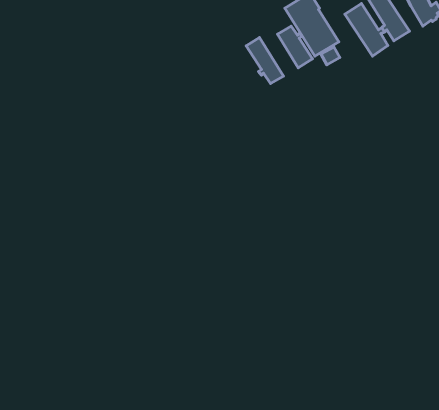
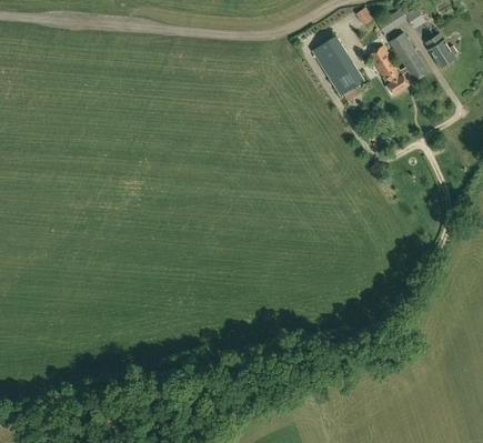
building: [277,26,312,68] -> none
building: [246,37,283,84] -> none

